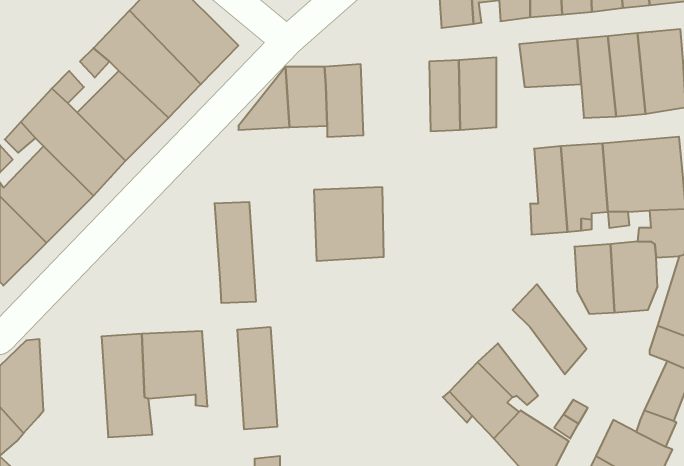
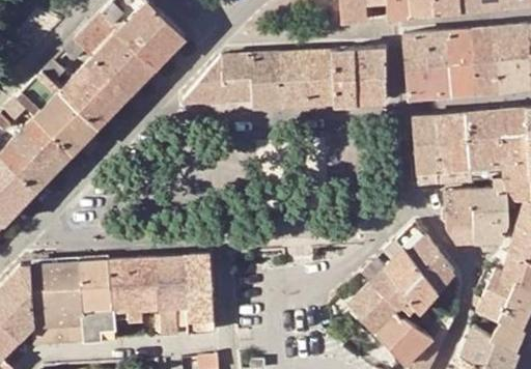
building: none -> [407,68,452,98]
building: [314,187,384,261] -> [280,51,334,108]
building: [214,202,256,303] -> [158,258,190,336]
building: none -> [384,239,438,312]
building: none -> [31,263,85,344]
building: none -> [473,269,516,320]

